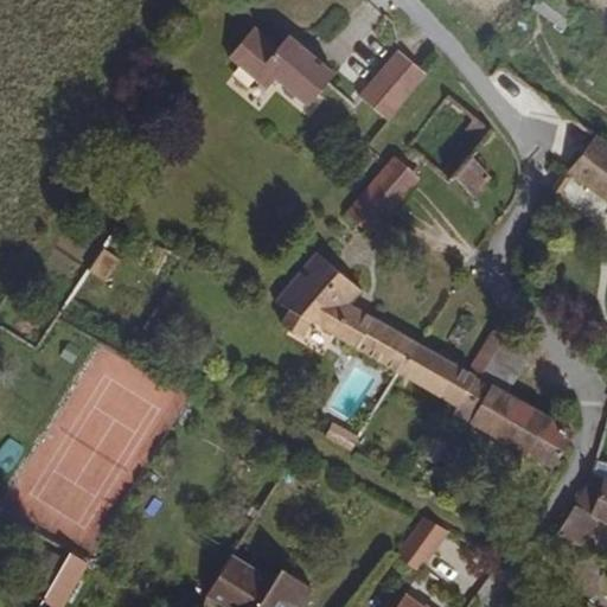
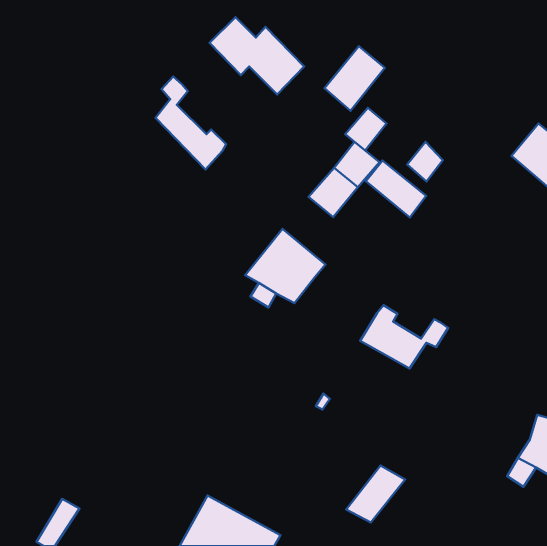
building: none -> [155,76,226,169]
building: none -> [345,108,387,151]
building: none -> [366,160,426,218]
building: [327,306,418,376] -> none
building: [454,336,575,467] -> none

